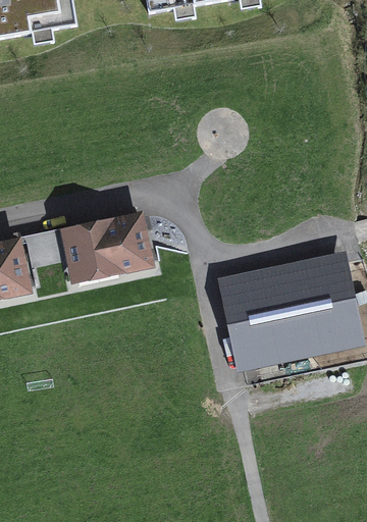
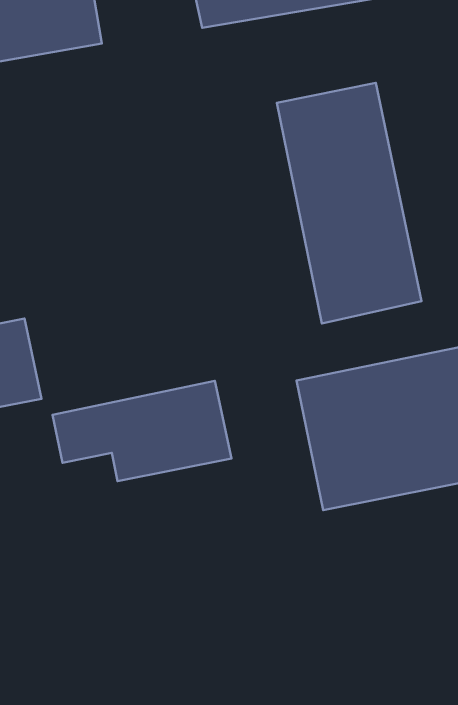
building: none -> [277,83,421,323]
building: [25,209,155,281] -> [53,381,232,481]

